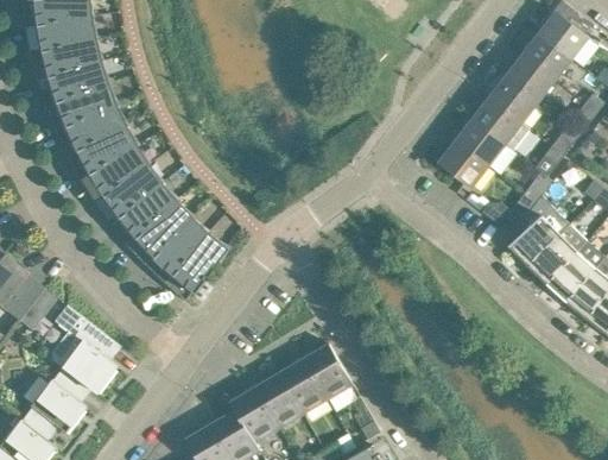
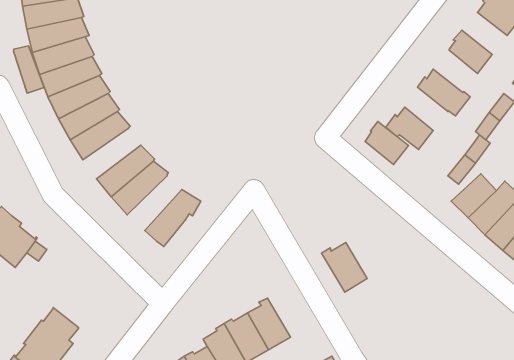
building: [521,33,572,81] -> none
building: none -> [14,46,44,93]
building: [489,74,539,124] -> none
building: [457,118,506,166] -> [365,121,408,165]
building: [95,164,162,221] -> none
building: [145,218,208,279] -> none
building: [52,304,120,393] -> none
building: [303,344,354,399] -> [322,243,367,292]

